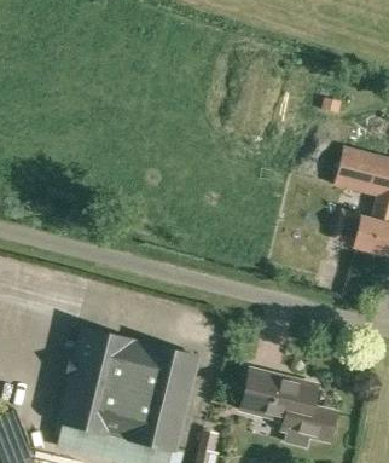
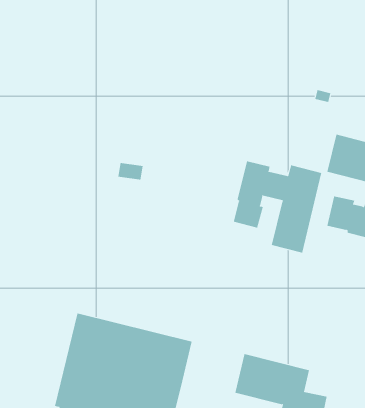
building: none -> [233,160,322,253]

